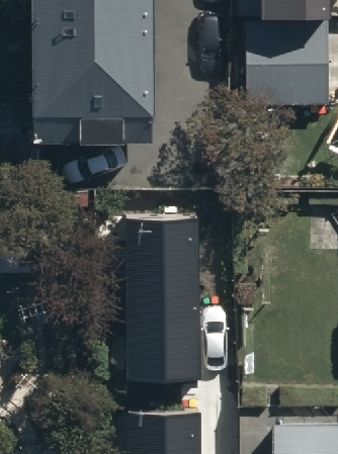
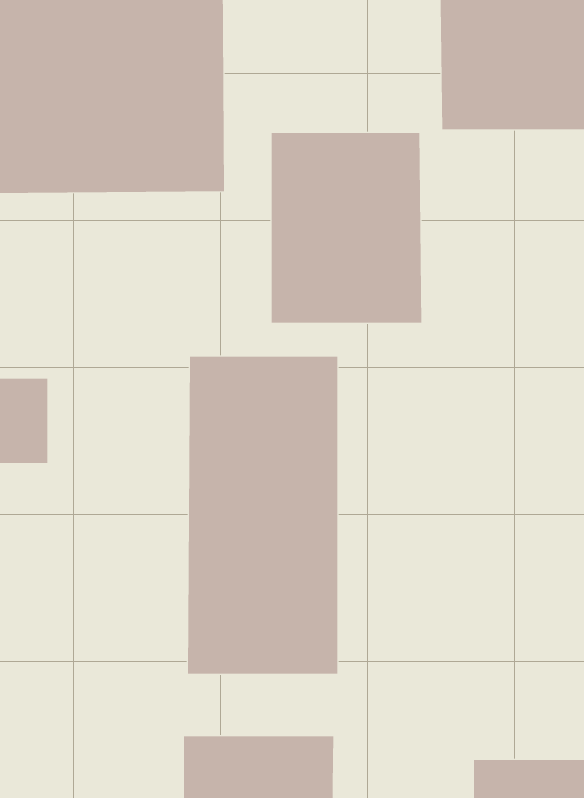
building: none -> [271,132,422,323]

